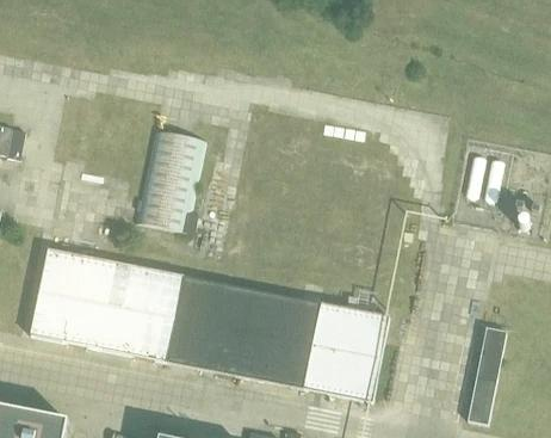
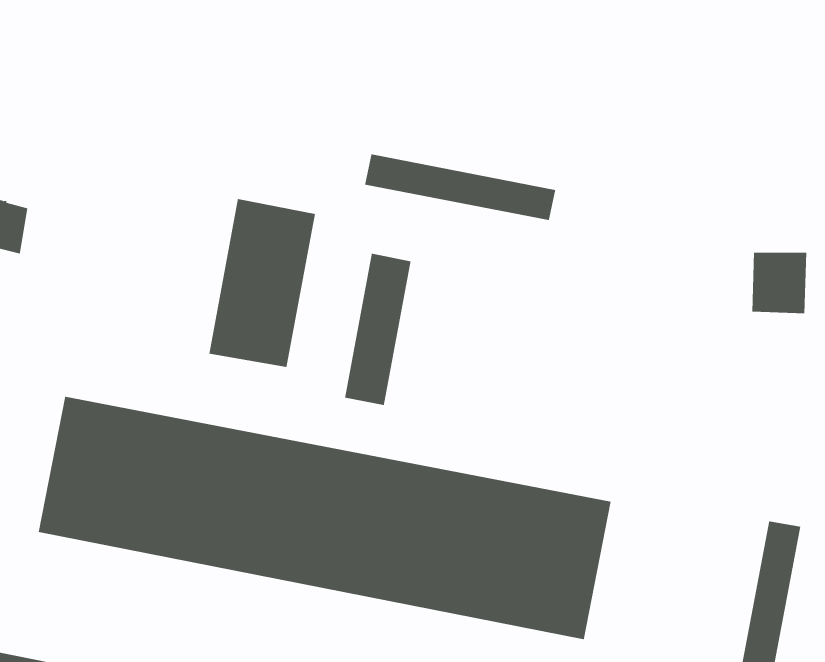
building: none -> [365,154,556,221]
building: none -> [345,253,411,406]

